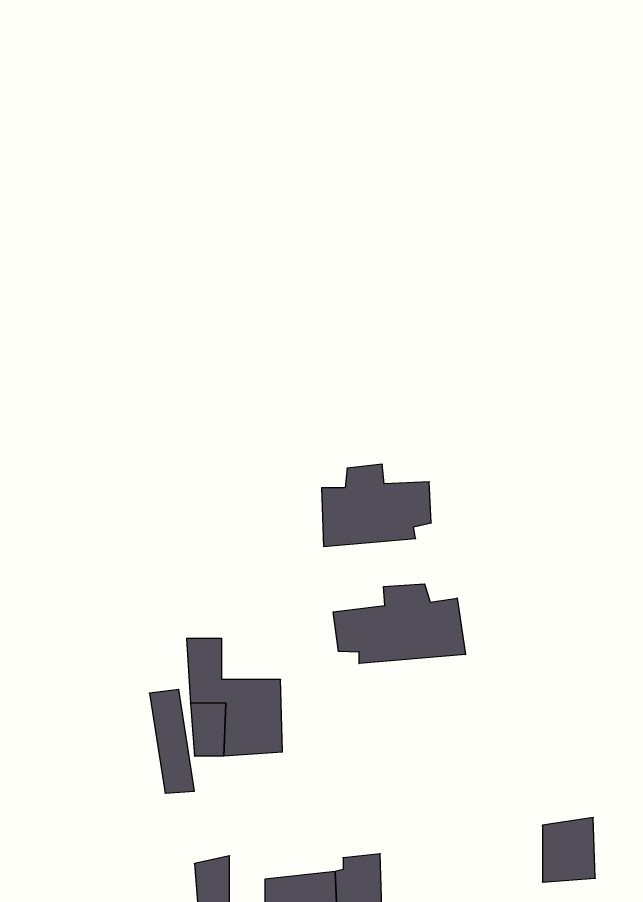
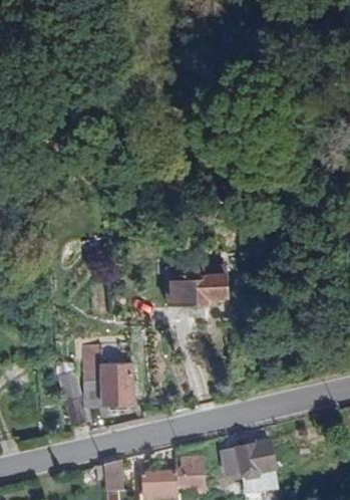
building: [333,584,465,664] -> none
building: [542,817,595,882] -> [234,444,261,477]

